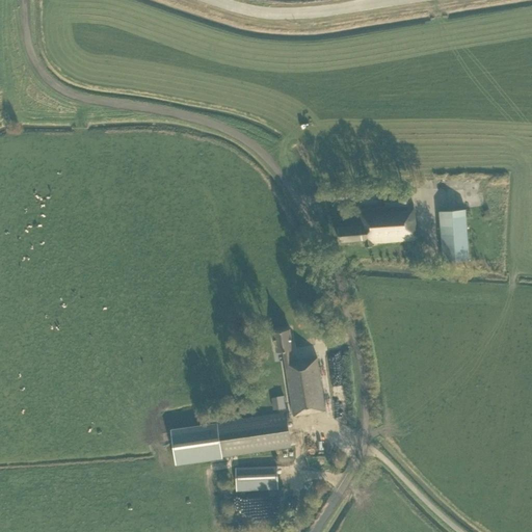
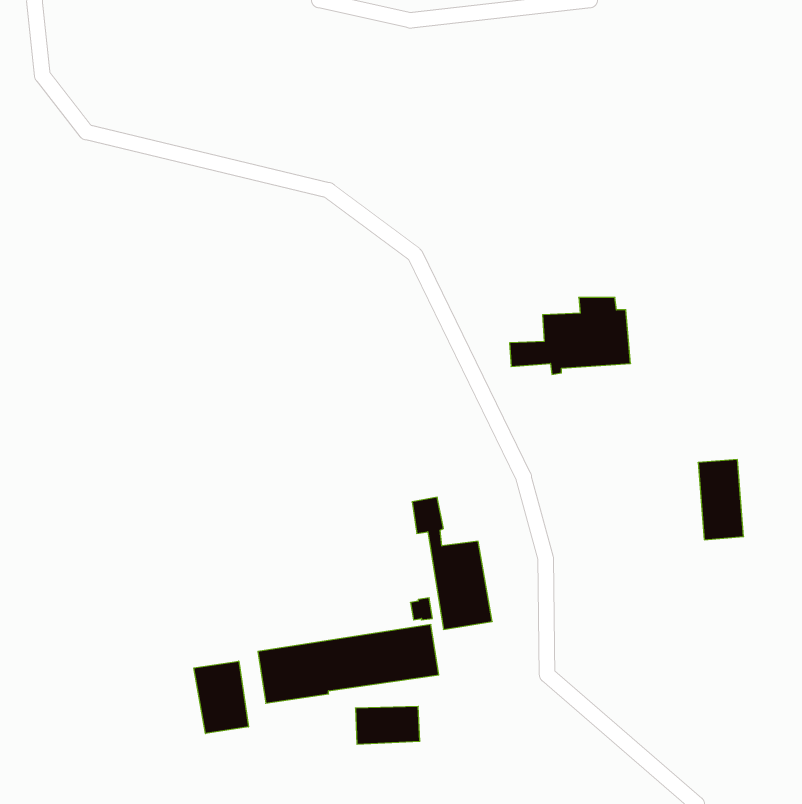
building: [438,209,469,262] -> [698,460,744,540]
building: none -> [194,661,248,734]

